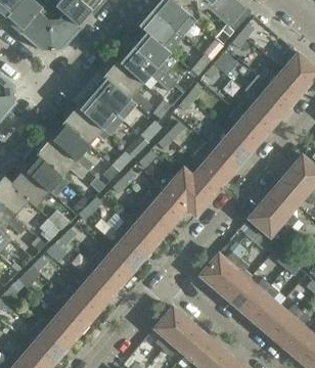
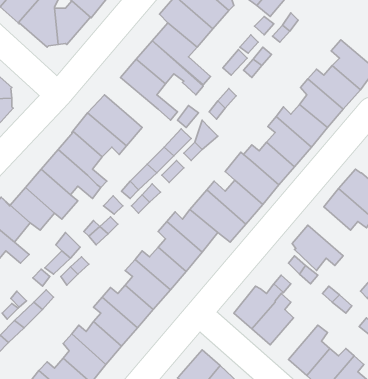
building: [92,78,137,113] -> none
building: [263,186,299,227] -> none
building: [231,278,271,314] -> none

